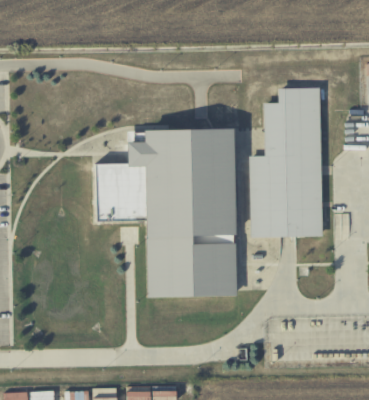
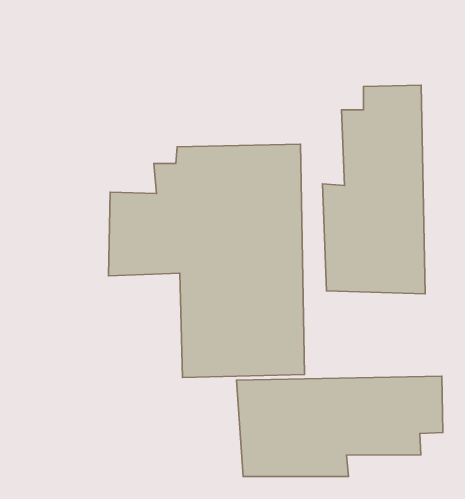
building: none -> [237,376,443,477]

